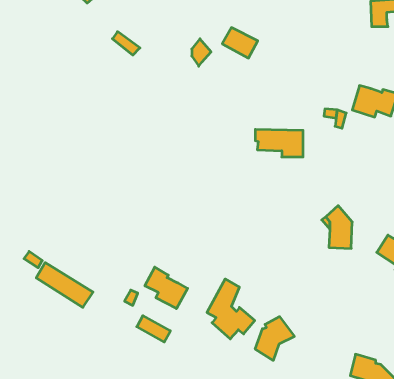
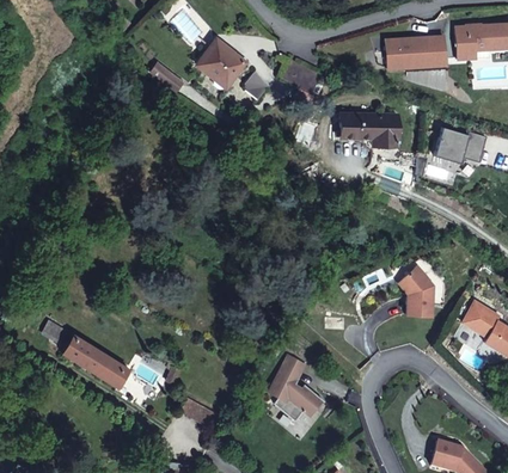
building: none -> [386,36,446,66]
building: none -> [197,41,244,86]
building: [255,129,303,157] -> [341,113,397,146]
building: [145,267,188,309] -> none
building: [255,317,294,360] -> none

